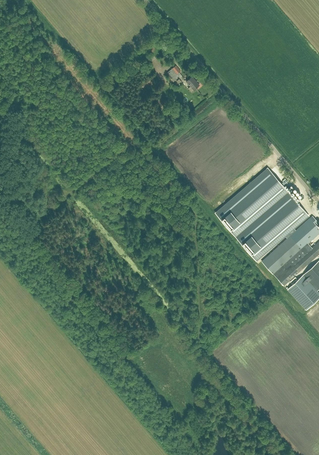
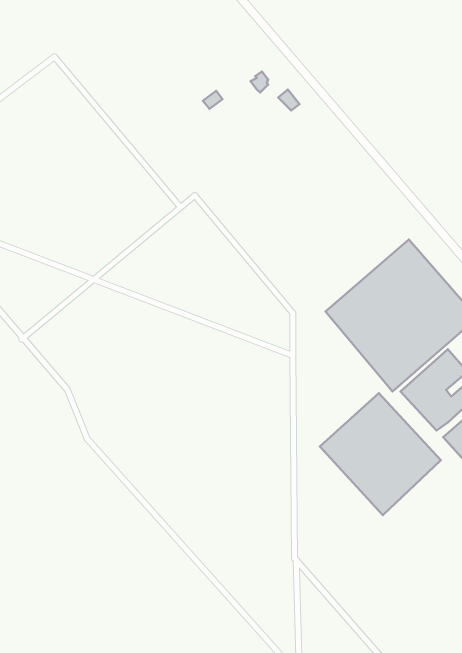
building: none -> [320,393,441,515]

